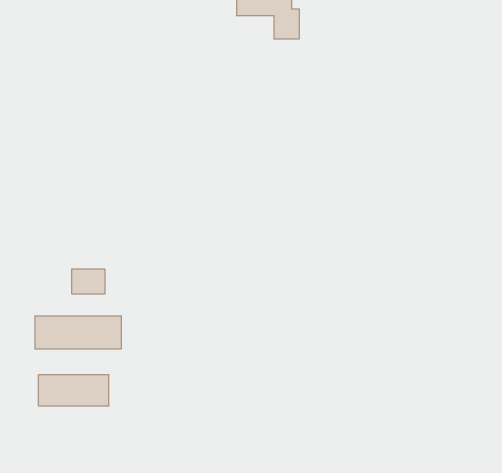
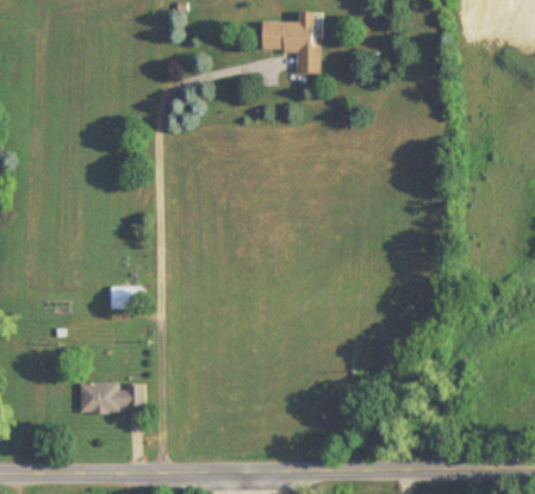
building: [35,316,121,349] -> none

